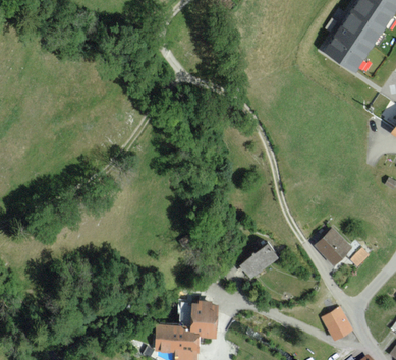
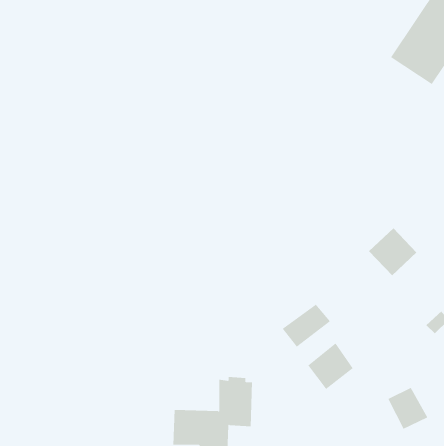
building: [314,226,351,263] -> [368,227,417,276]
building: none -> [307,343,353,390]

